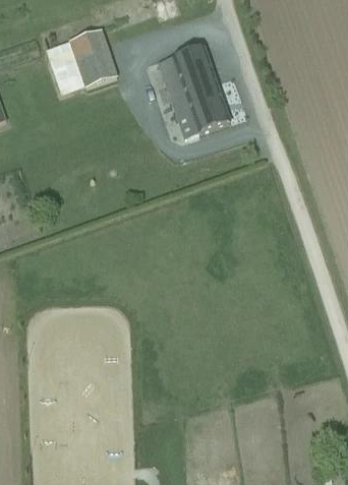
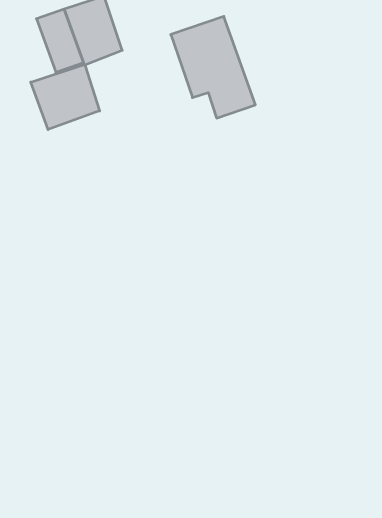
building: none -> [31,65,100,130]

